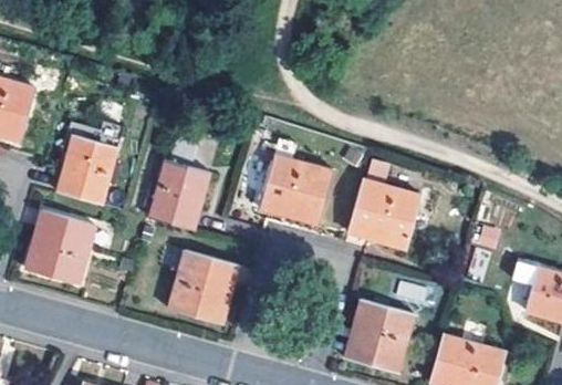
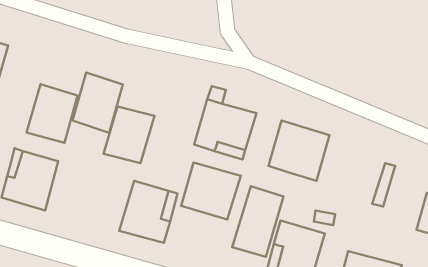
building: none -> [72,72,123,133]
building: none -> [181,162,241,220]
building: none -> [232,186,283,257]

